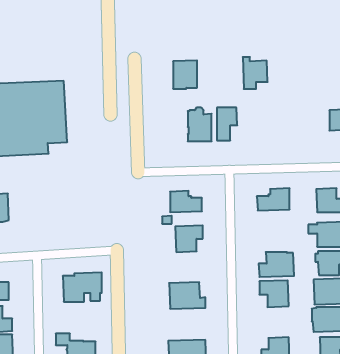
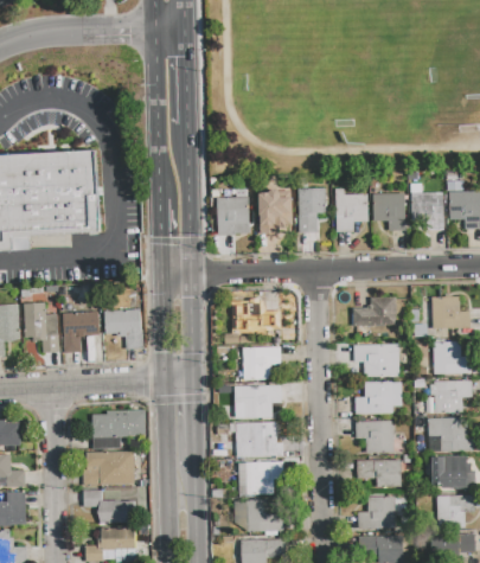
building: [243,57,268,89] -> [335,188,369,231]
building: [173,60,197,89] -> [217,197,249,235]
building: none -> [411,192,443,230]
building: none -> [373,193,405,231]
building: none -> [24,303,58,353]
building: none -> [104,309,142,350]
building: none -> [63,311,100,362]
building: none -> [353,344,399,377]
building: none -> [235,385,281,420]
building: none -> [83,452,135,485]
building: none -> [357,459,401,487]
building: none -> [237,461,280,498]

